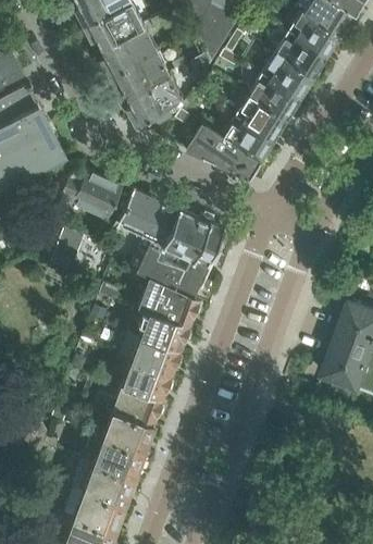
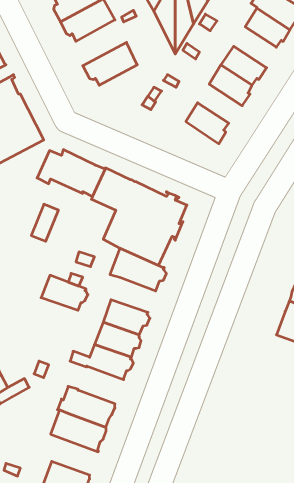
building: [100,24,157,75] -> none
building: [276,32,324,77] -> none
building: [126,74,182,124] -> none
building: [236,96,286,139] -> none
building: [186,124,260,177] -> none
building: [139,311,191,350] -> [41,275,88,310]
building: [102,410,153,453] -> none
building: [62,486,125,532] -> none

